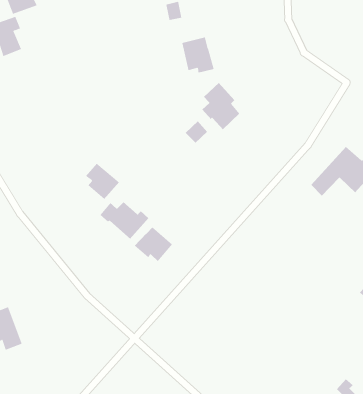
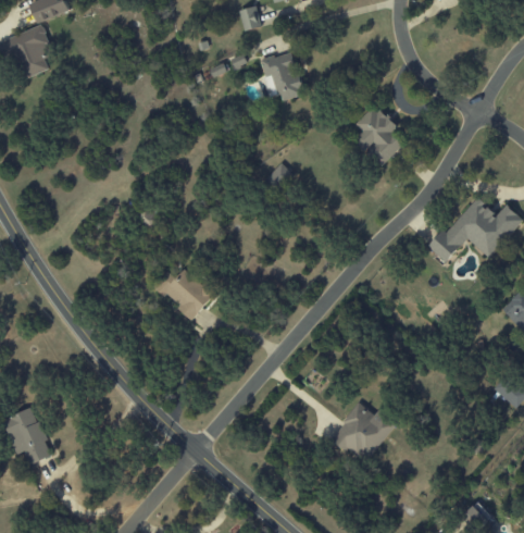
building: [201,82,240,130] -> [352,103,403,166]
building: [85,163,120,200] -> none
building: [134,227,173,262] -> none
building: none -> [329,402,396,460]

